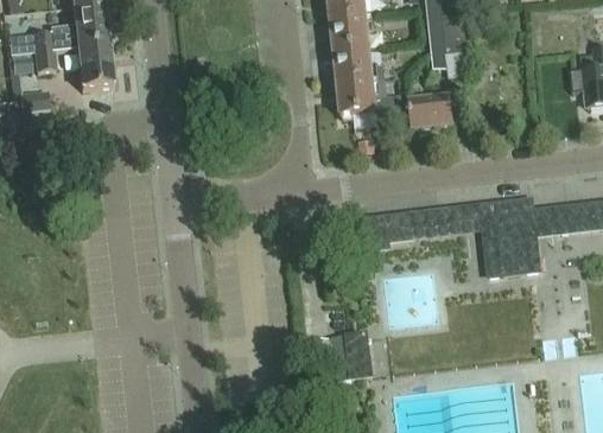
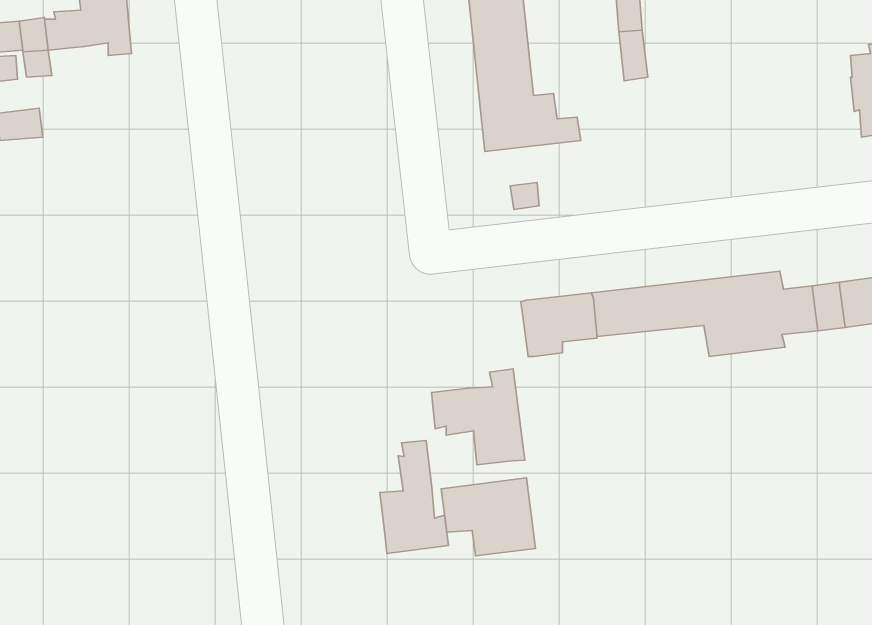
building: [78,45,113,89] -> none
building: [408,93,455,127] -> none
building: [488,244,540,274] -> none
building: none -> [431,369,525,465]
building: none -> [380,441,449,554]

